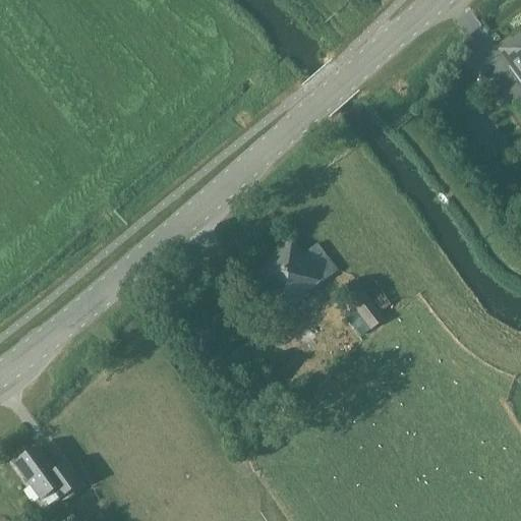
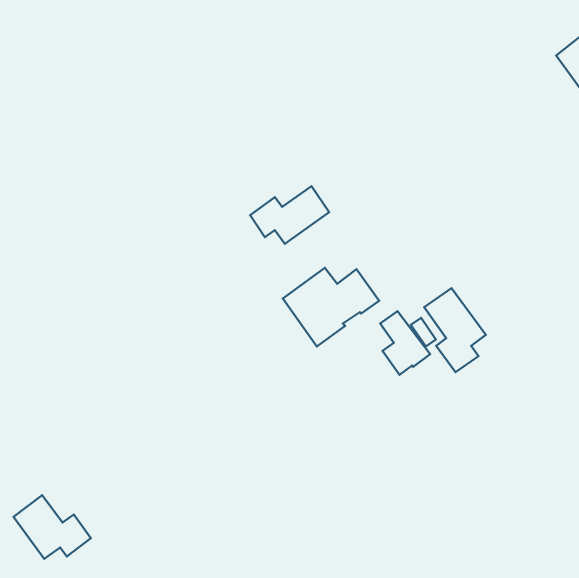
building: none -> [250,186,329,244]
building: none -> [424,288,486,372]

